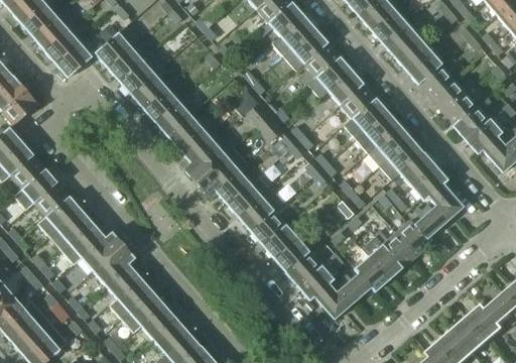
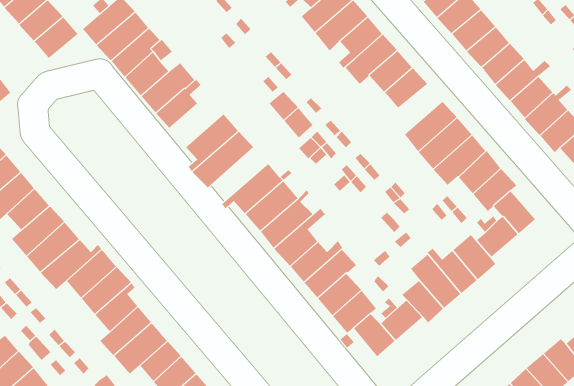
building: [343,97,386,138] -> none
building: [164,113,210,148] -> none
building: [196,148,245,195] -> none

